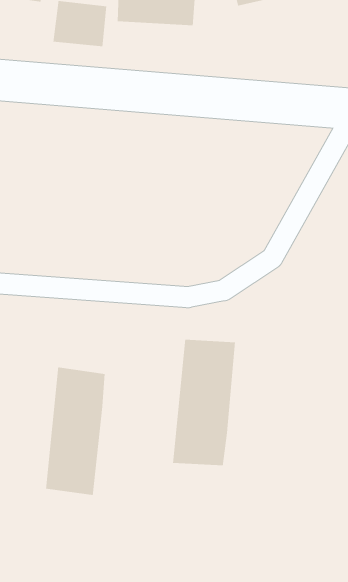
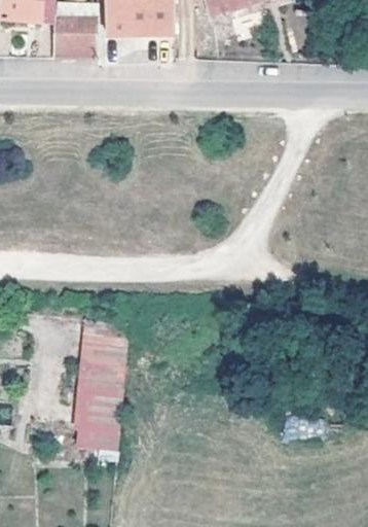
building: [172,339,236,466] -> none

